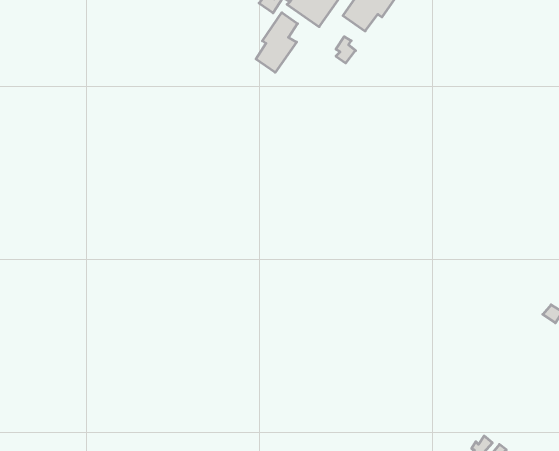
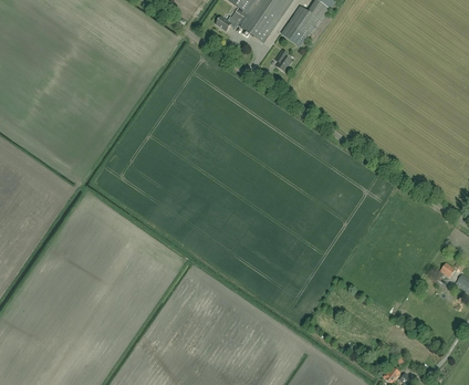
building: [256,13,298,72] -> none

